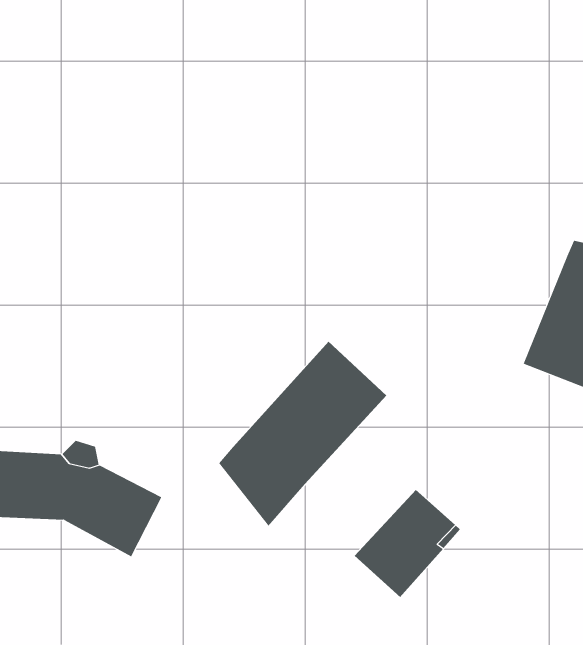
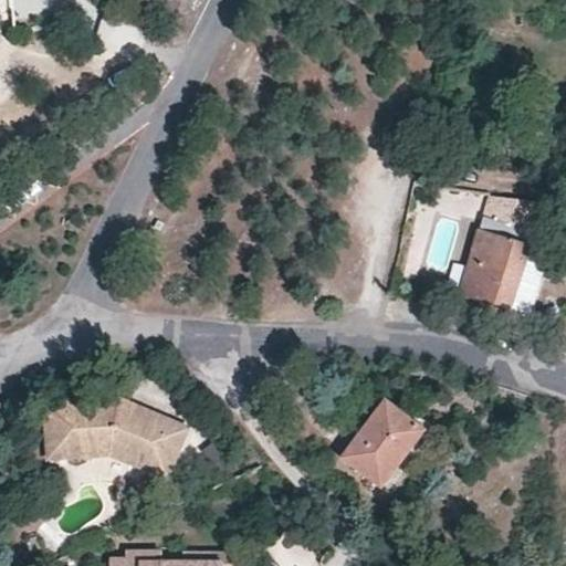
building: [218,341,387,527] -> none

